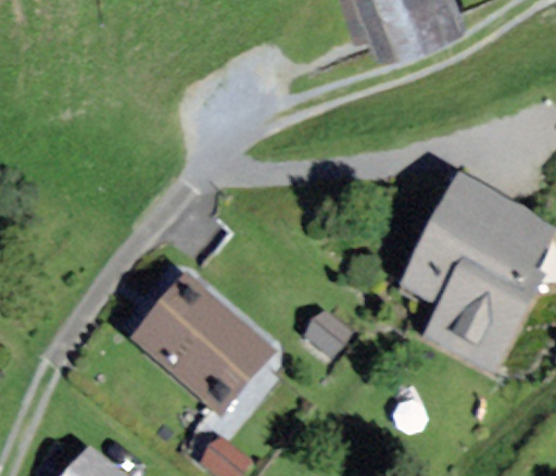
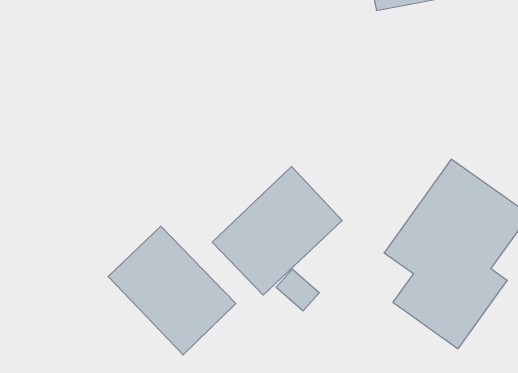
building: none -> [212,166,342,295]

